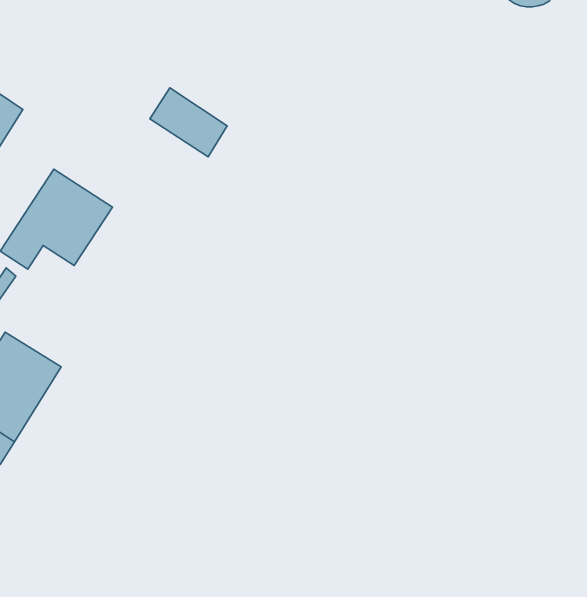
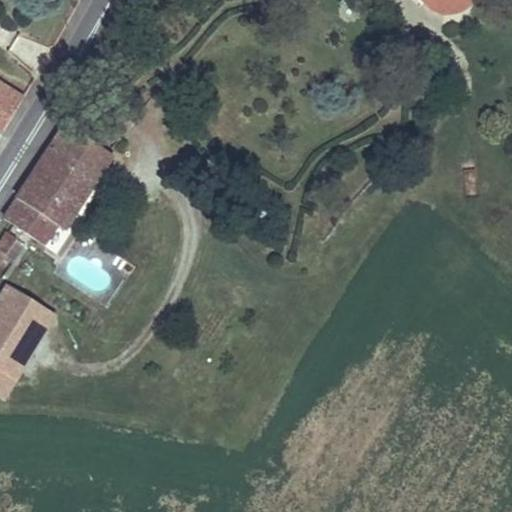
building: [150,88,227,157] -> [47,123,112,181]

